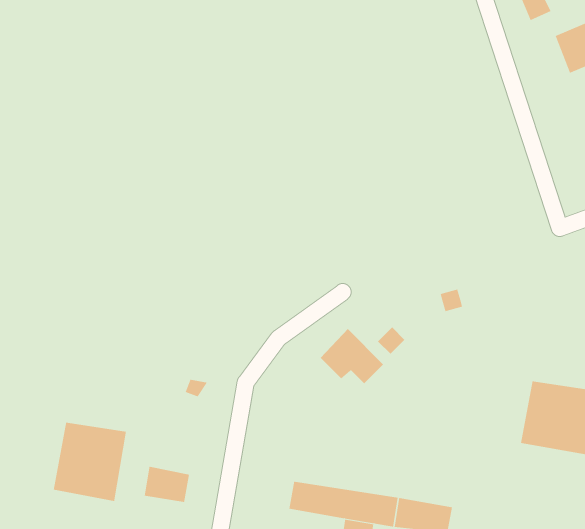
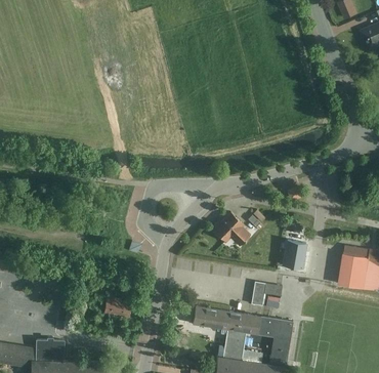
building: none -> [284,240,306,267]
building: [53,422,126,502] -> none
building: none -> [250,280,280,306]

